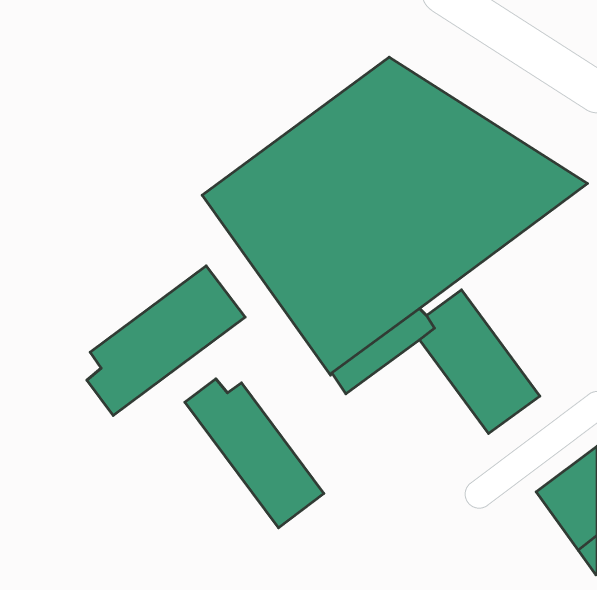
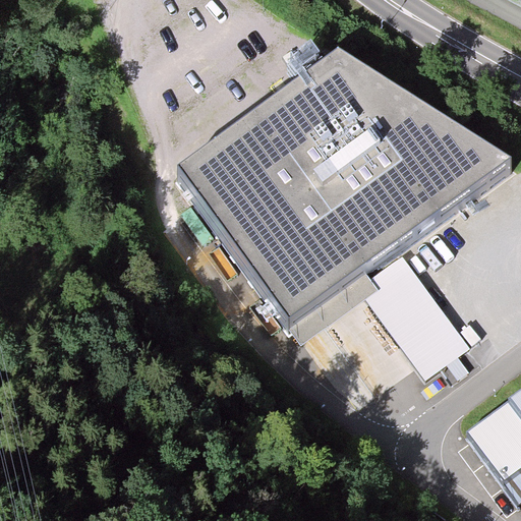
building: [87,266,245,415] -> none
building: [185,379,324,528] -> none

